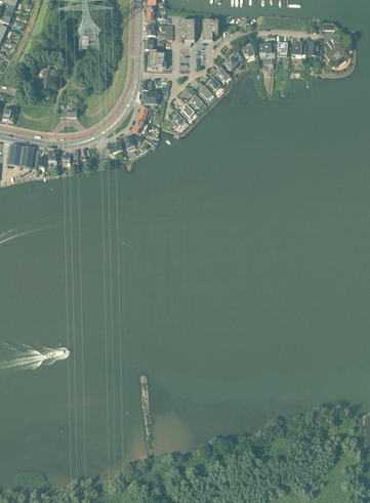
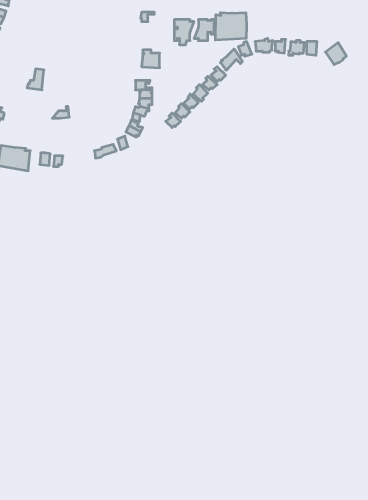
building: none -> [215,13,247,40]

